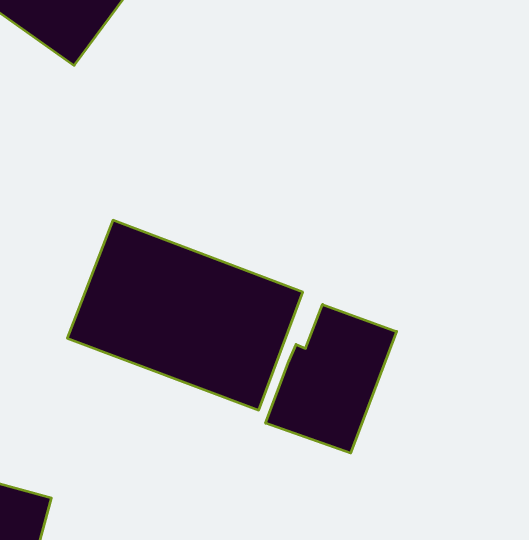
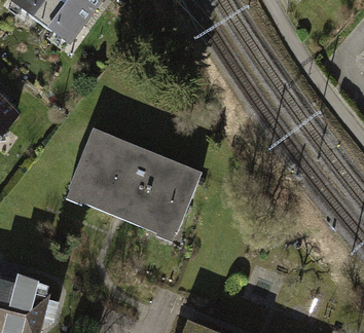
building: [266,304,397,453] -> none

